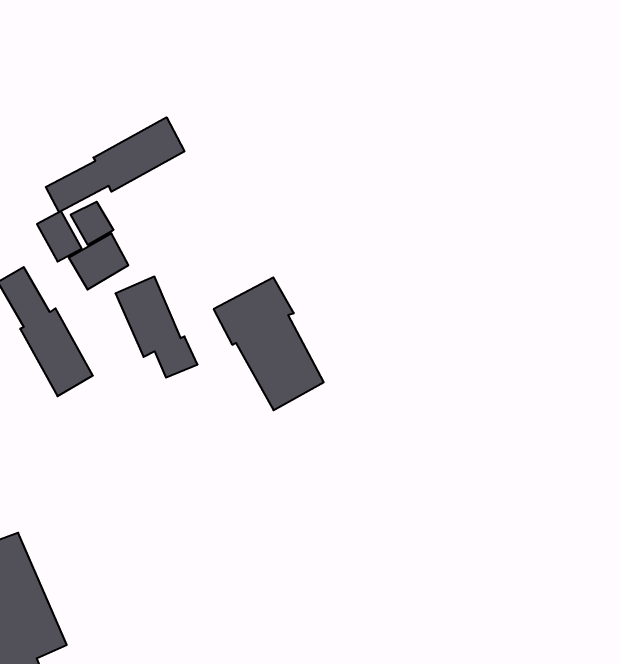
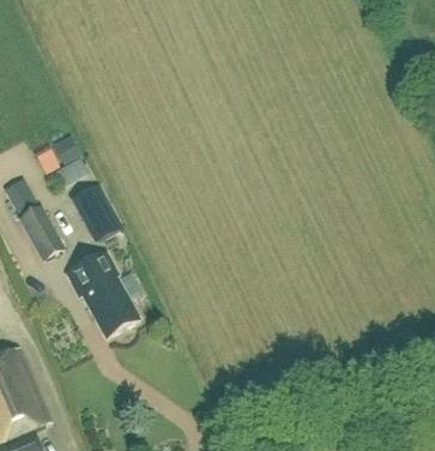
building: [46,117,184,212] -> none
building: [214,277,324,410] -> [66,248,137,333]

